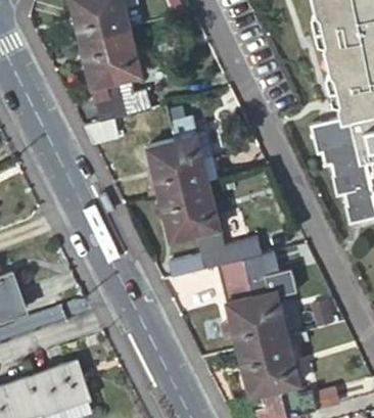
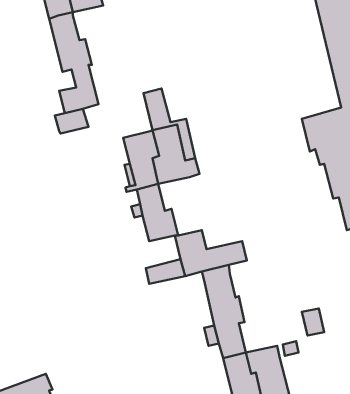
building: [101,24,161,113] -> none
building: [179,180,219,233] -> none
building: [243,252,296,339] -> none

